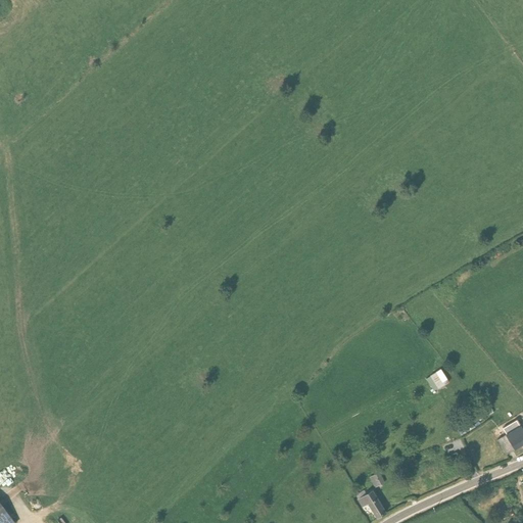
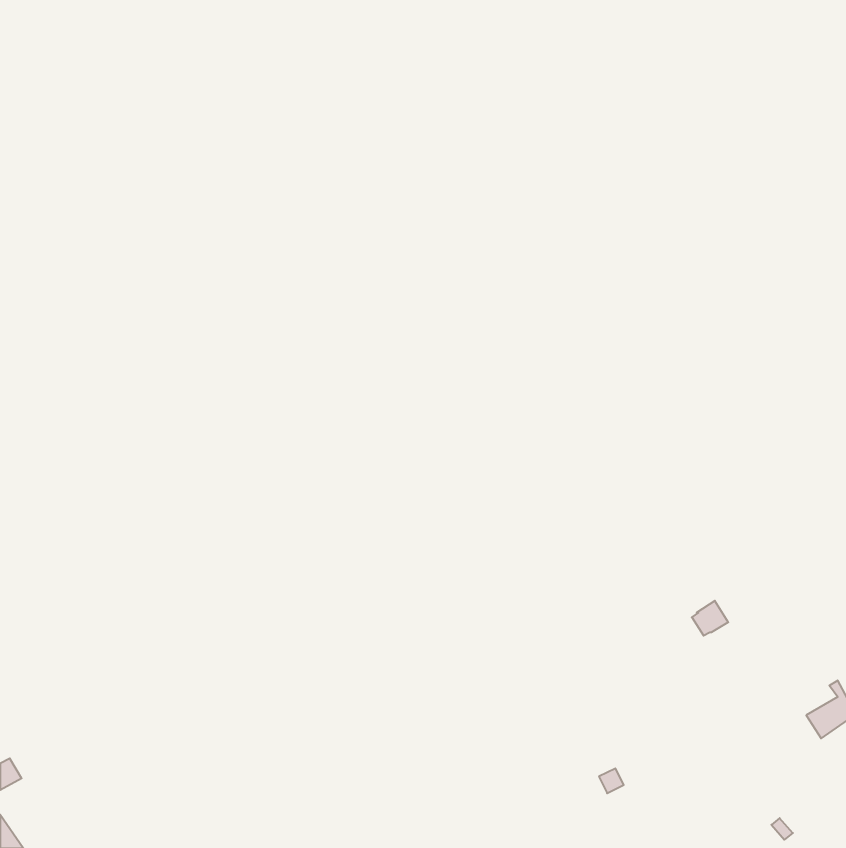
building: [356,490,386,518] -> none

